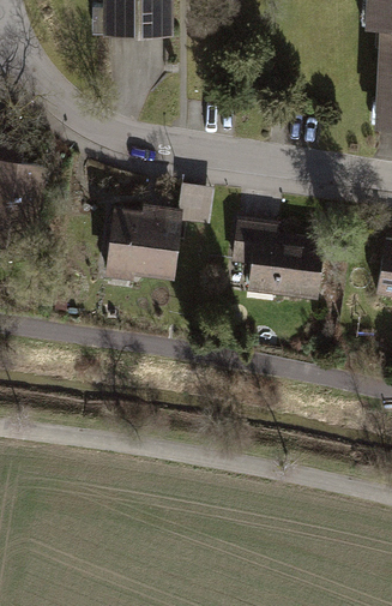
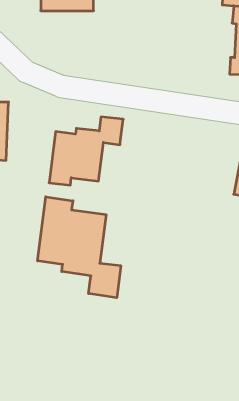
building: [231,220,328,299] -> none
building: none -> [38,197,121,298]

